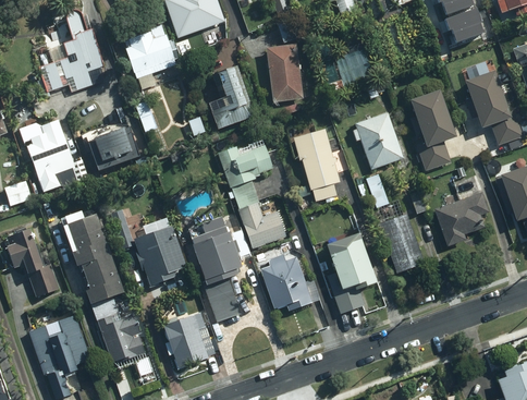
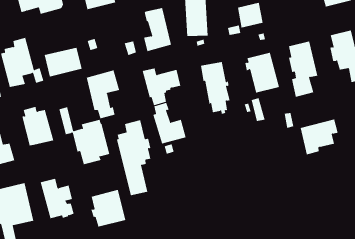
building: none -> [86,70,120,119]
building: [380,214,424,272] -> none
building: [327,235,375,312] -> none
building: [261,254,311,310] -> none
building: [78,255,122,313] -> none

